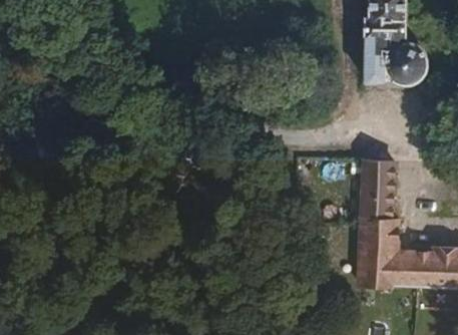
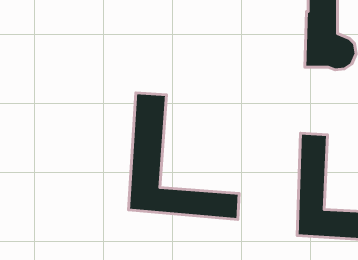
building: none -> [129,93,239,219]

